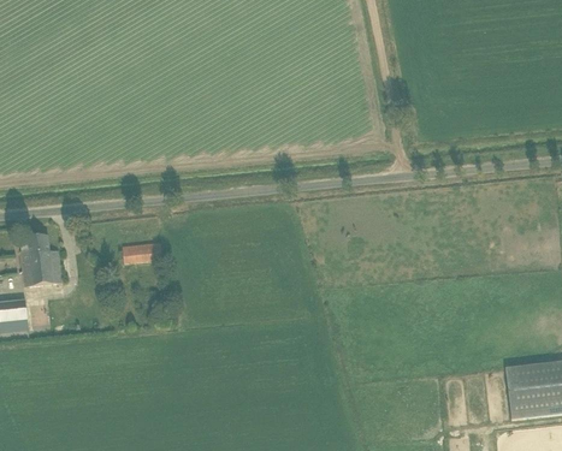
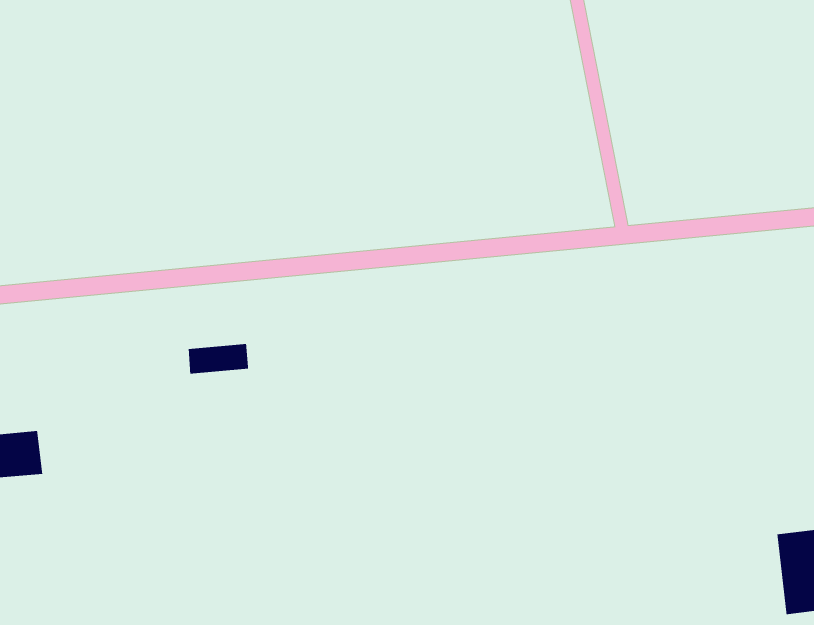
building: [20,235,63,286] -> none

